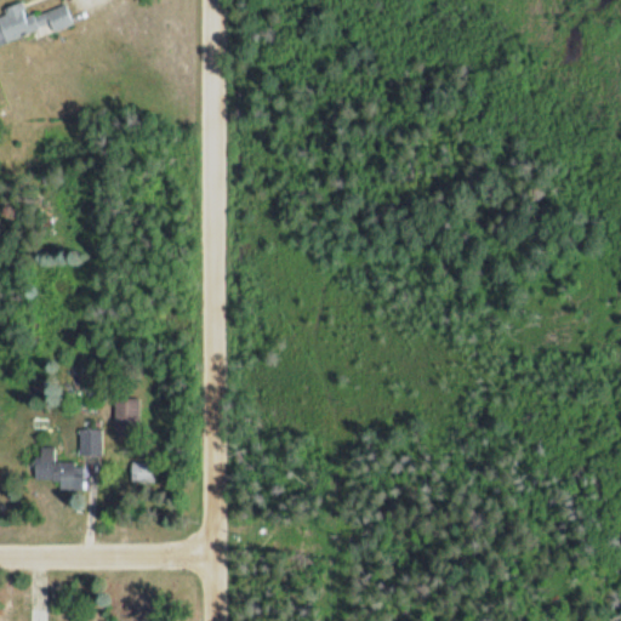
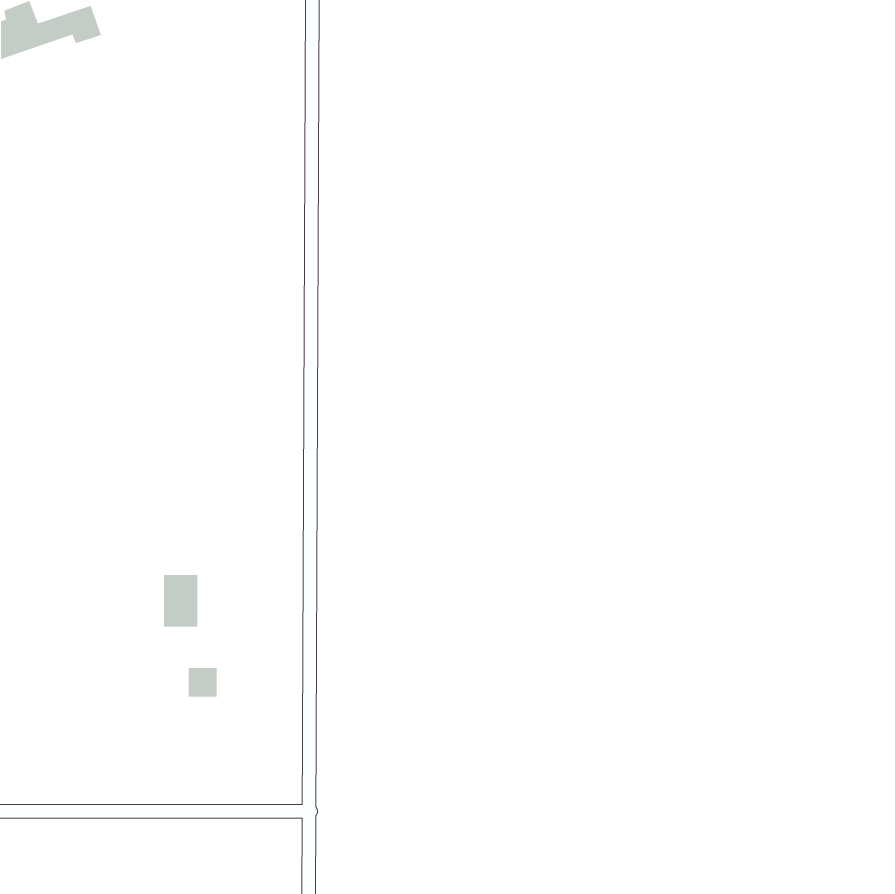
building: [78,431,102,456] -> none
building: [35,449,81,490] -> none

